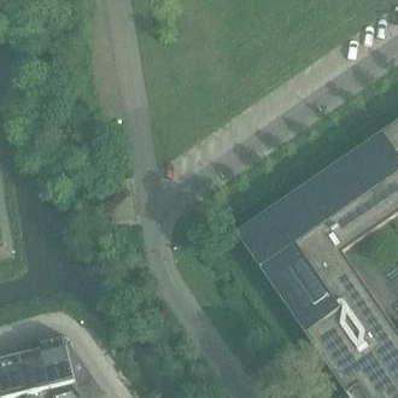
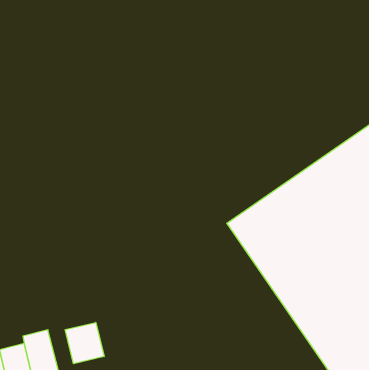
building: none -> [65,322,104,364]

